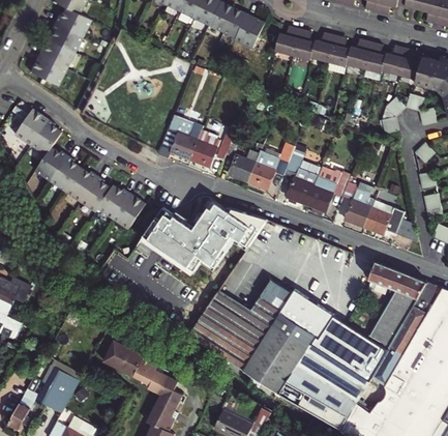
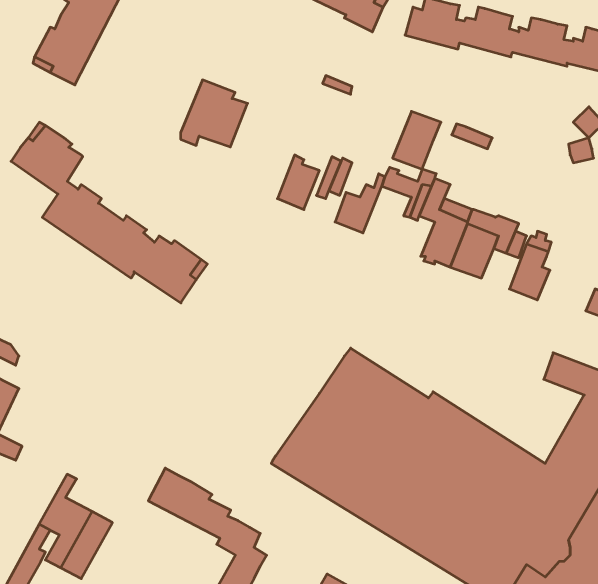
building: [157,115,202,159] -> [181,80,248,147]
building: [247,151,279,190] -> [393,111,441,169]
building: [363,200,393,235] -> none
building: [145,204,264,268] -> none

